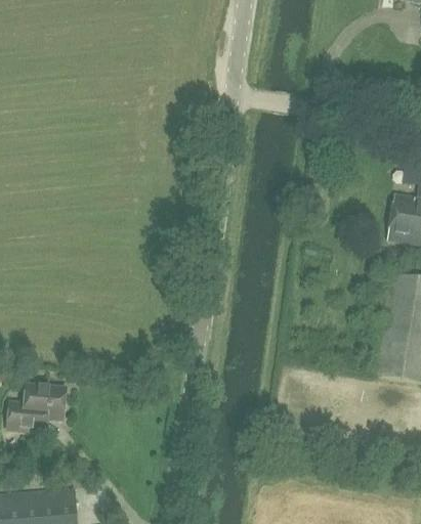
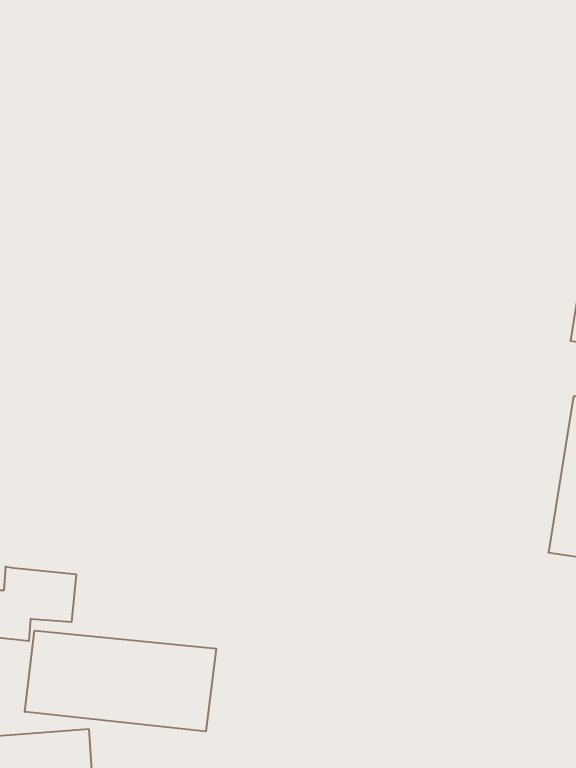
building: none -> [25,631,216,731]

